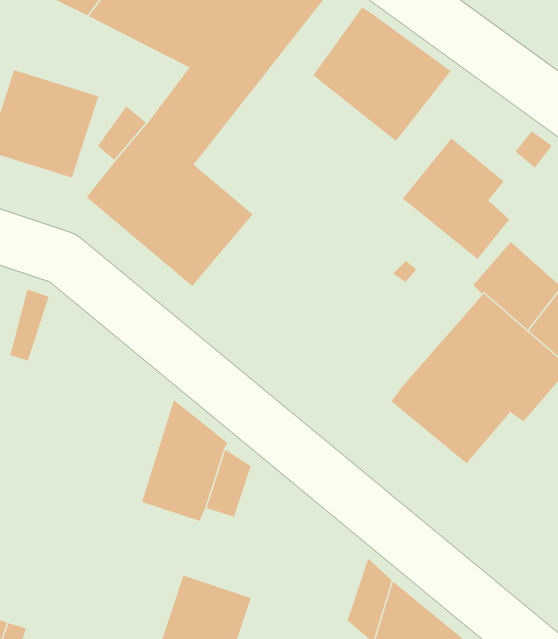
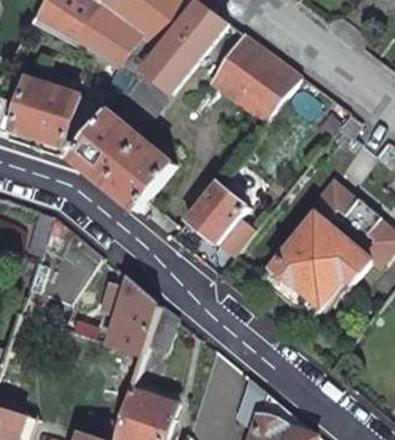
building: [402,138,510,260] -> [185,179,253,255]

